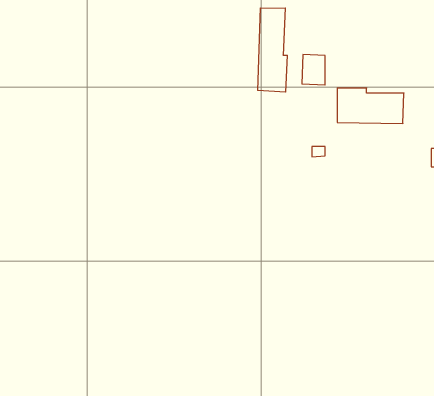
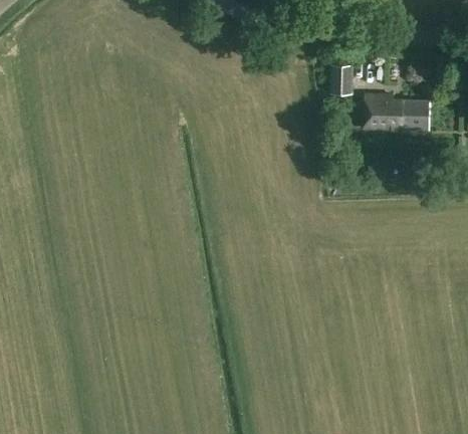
building: [258,8,287,92] -> none

